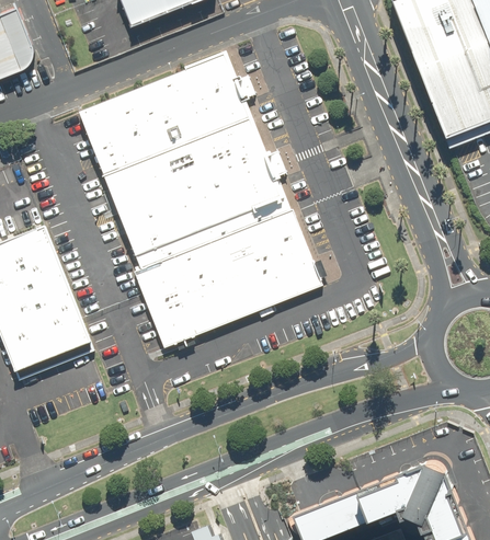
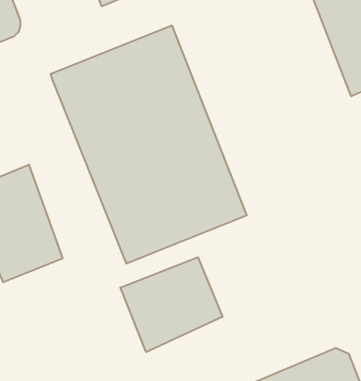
building: none -> [120,257,222,352]

